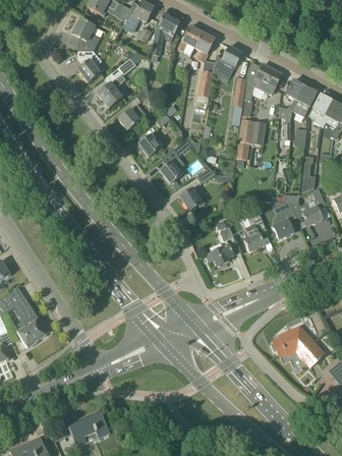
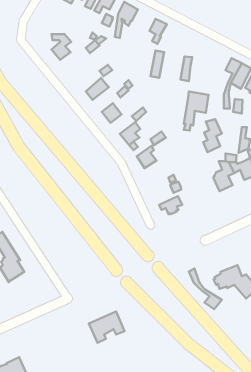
building: [73,18,101,51] -> none
building: [178,25,203,55] -> none
building: [213,46,242,76] -> none
building: [245,62,282,100] -> none
building: [98,74,125,107] -> none
building: [244,212,267,251] -> [203,119,222,152]
building: none -> [189,269,222,309]
building: [67,409,110,447] -> [89,311,125,343]

